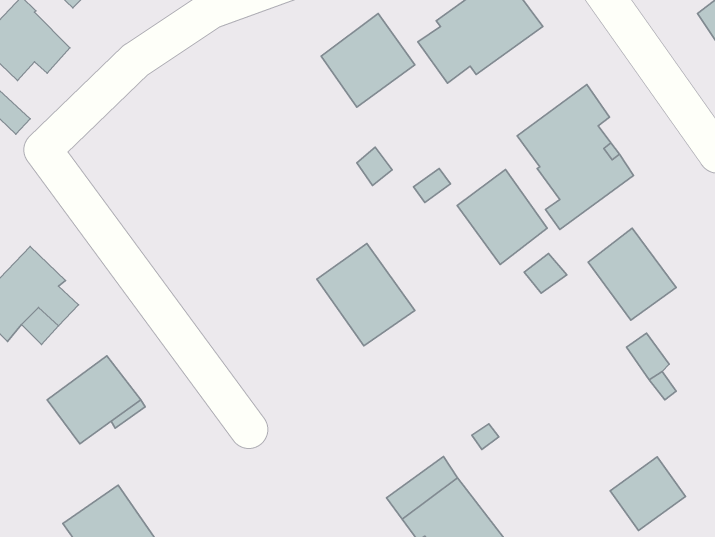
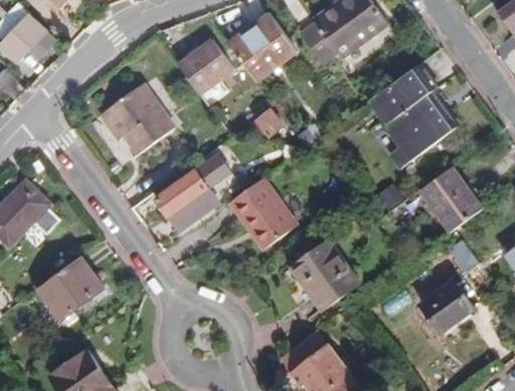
building: none -> [178,37,236,94]
building: none -> [101,83,174,153]
building: [457,170,547,264] -> none
building: none -> [152,154,230,230]
building: none -> [290,238,360,310]
building: [610,457,685,531] -> [420,280,474,333]

